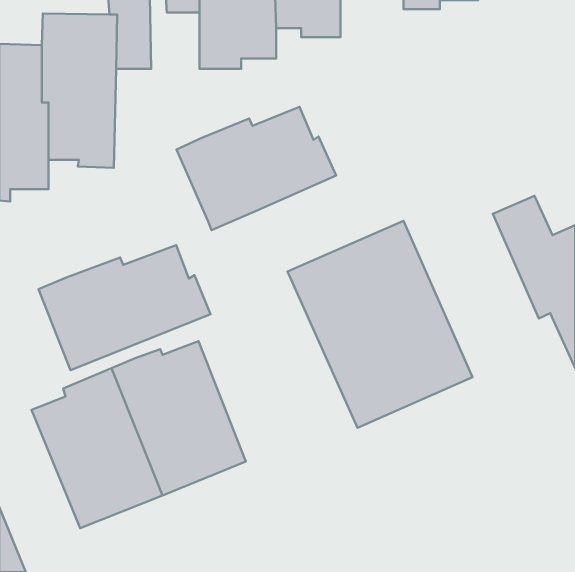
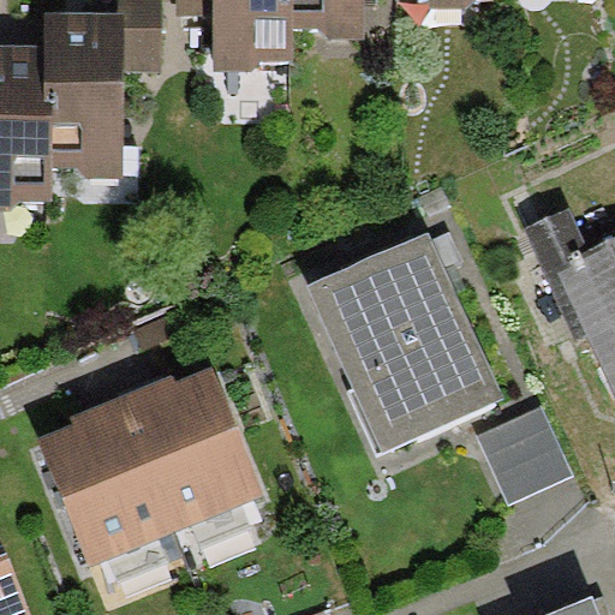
building: [177,107,336,230] -> none
building: [38,245,211,370] -> none
building: none -> [478,405,573,501]

